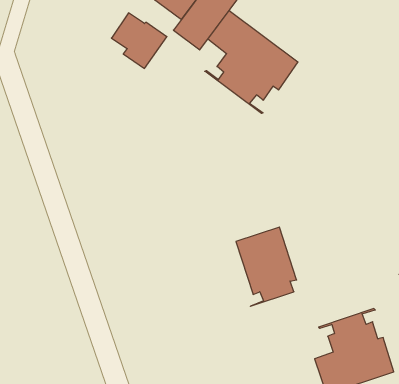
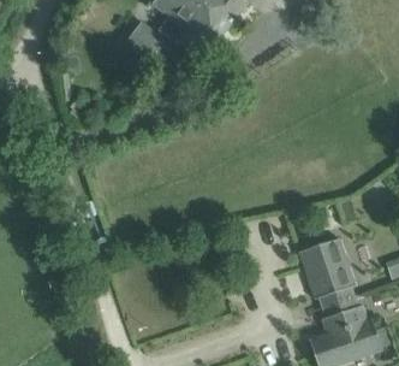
building: [205,11,298,113] -> none
building: [236,227,297,306] -> [299,238,355,311]

